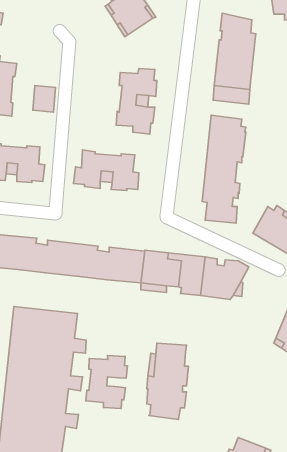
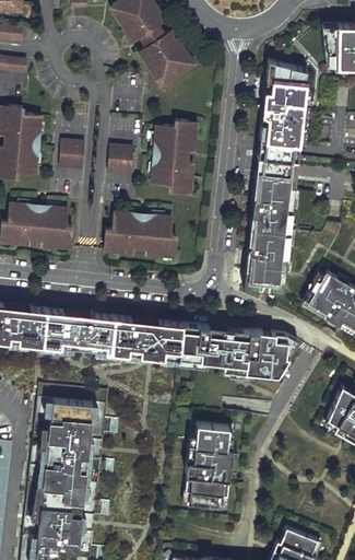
building: none -> [108,145,132,174]
building: none -> [256,156,297,186]
building: [86,355,128,409] -> none

